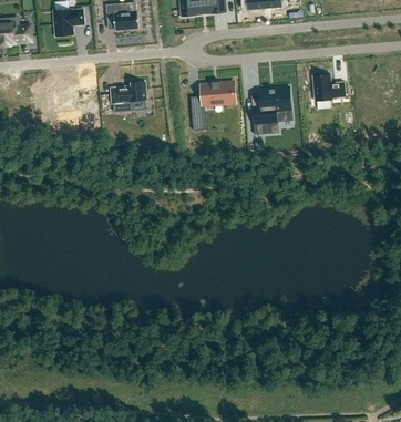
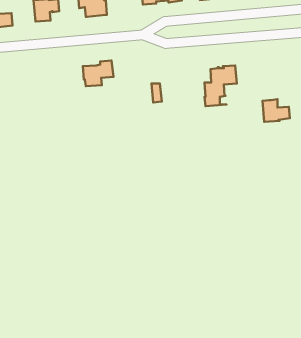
building: [312,74,345,101] -> [262,99,290,122]
building: [200,82,235,106] -> none

